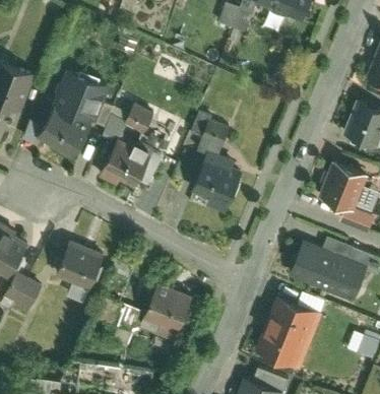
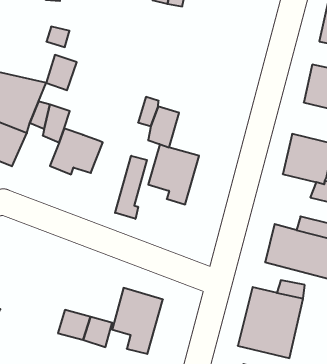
building: [123,107,153,140] -> [46,55,77,90]
building: none -> [115,156,147,219]
building: [58,244,104,291] -> none

